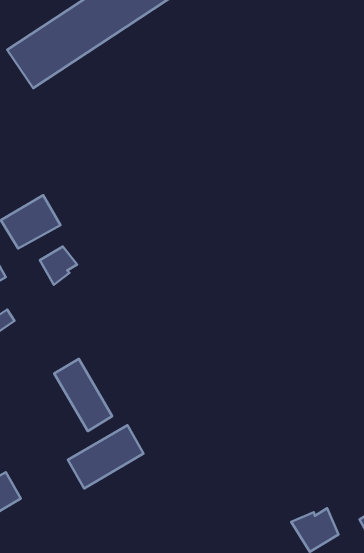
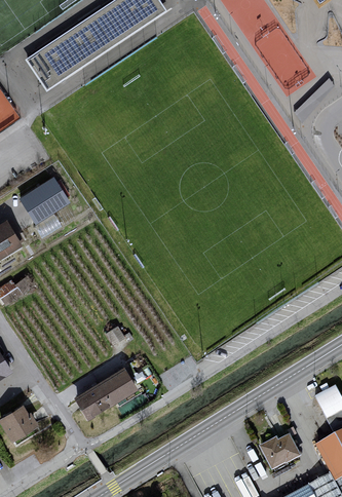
building: [40,246,77,285] -> none
building: [54,359,112,431] -> none

